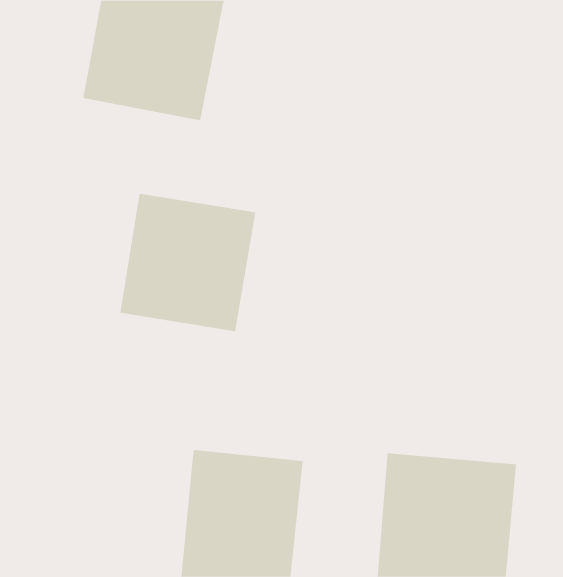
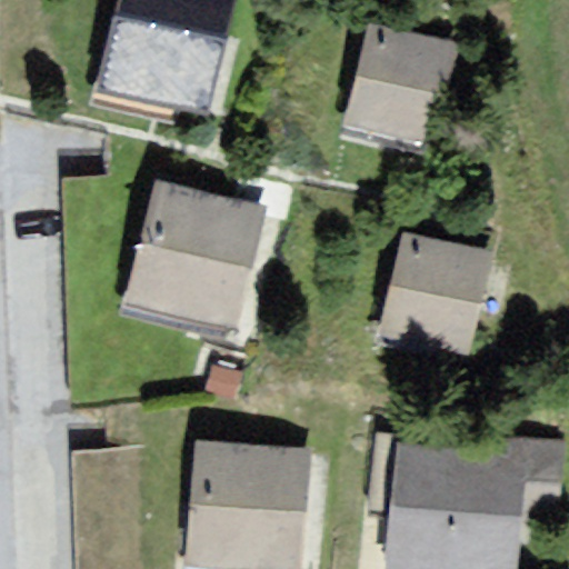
building: none -> [339,22,460,143]
building: none -> [375,230,496,357]

